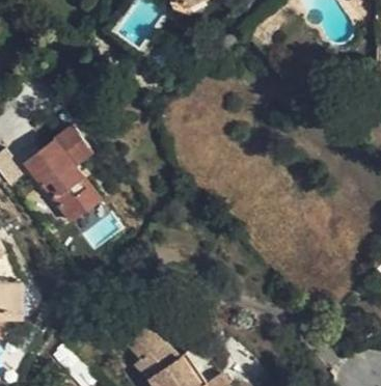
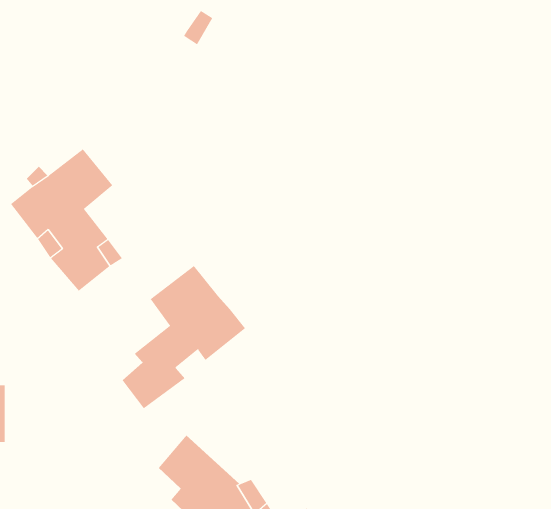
building: none -> [122,265,246,409]

